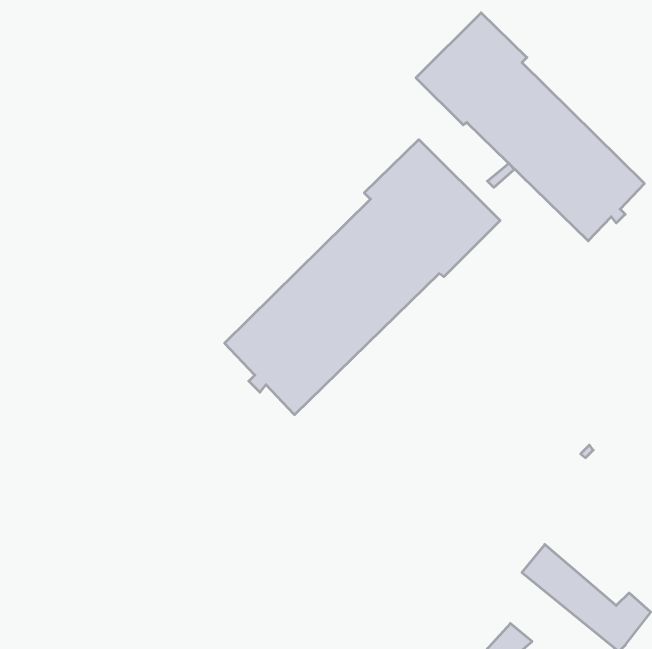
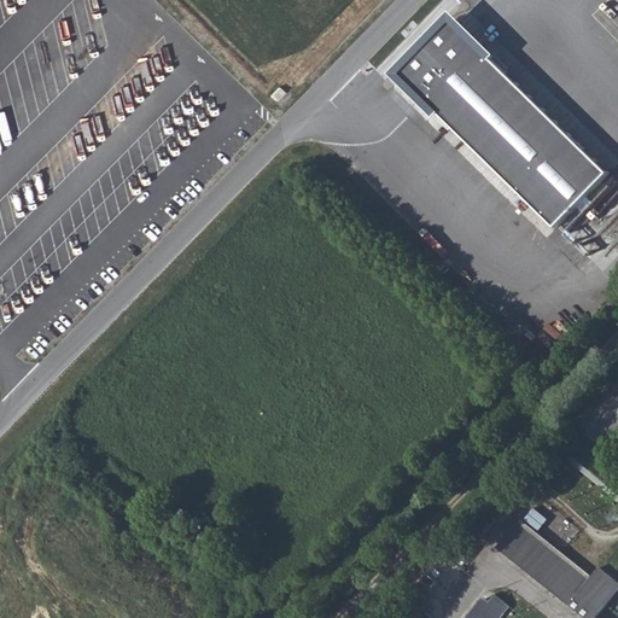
building: [225,140,500,415] -> none

